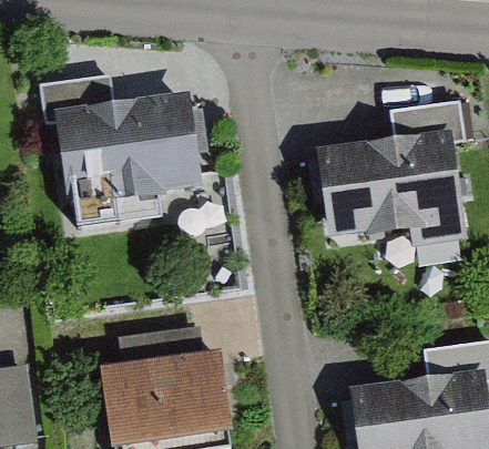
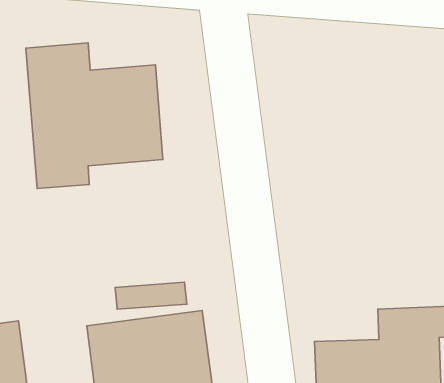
building: [297,134,448,239] -> none

